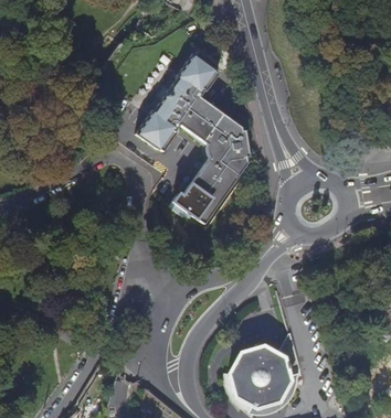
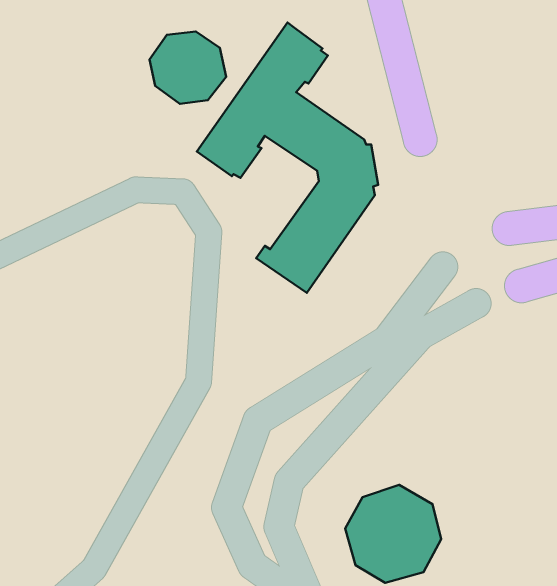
building: none -> [149,32,226,104]

